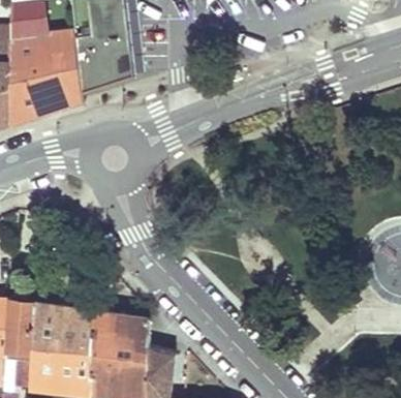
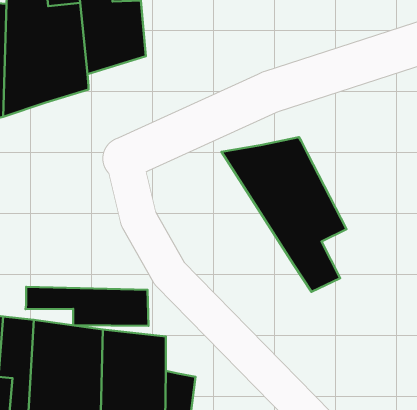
building: none -> [222,137,346,292]
building: none -> [26,287,149,326]

